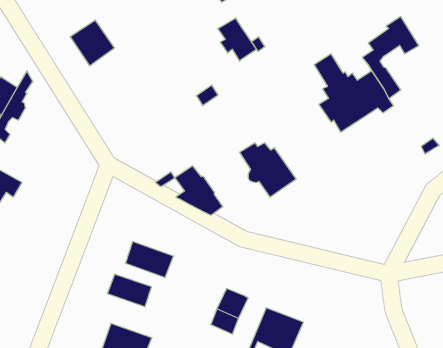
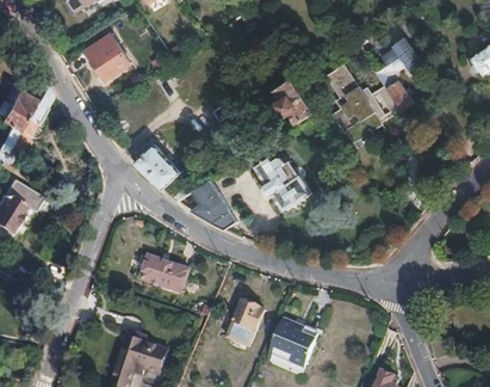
building: [218,18,256,61] -> [274,81,312,124]
building: none -> [134,145,182,189]
building: [108,274,151,307] -> none

